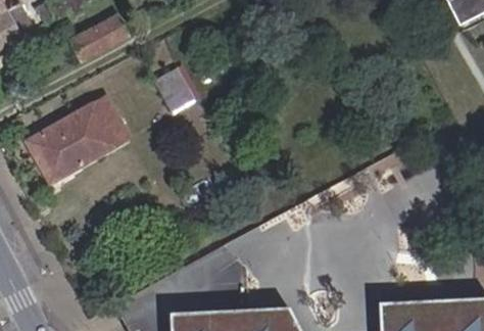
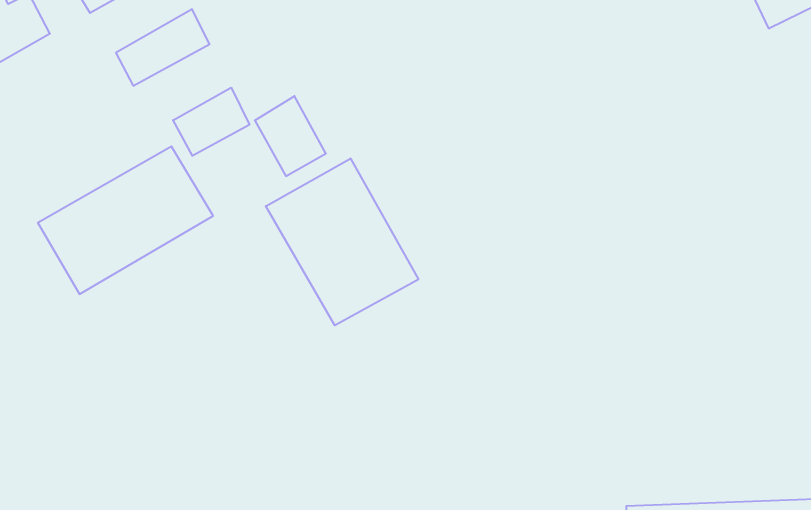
building: none -> [173,88,249,156]
building: none -> [266,158,418,325]

